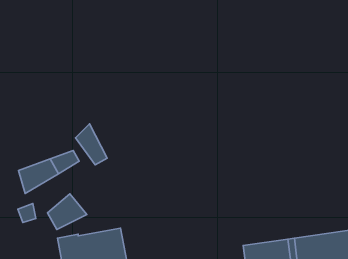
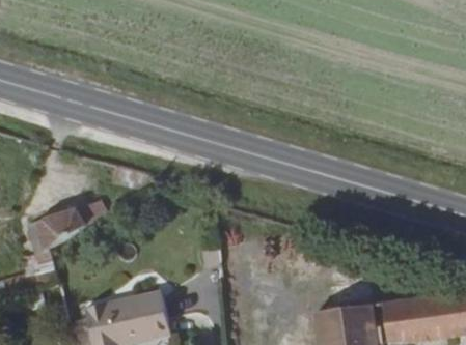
building: [76,124,107,165] -> none
building: [48,194,87,229] -> none

